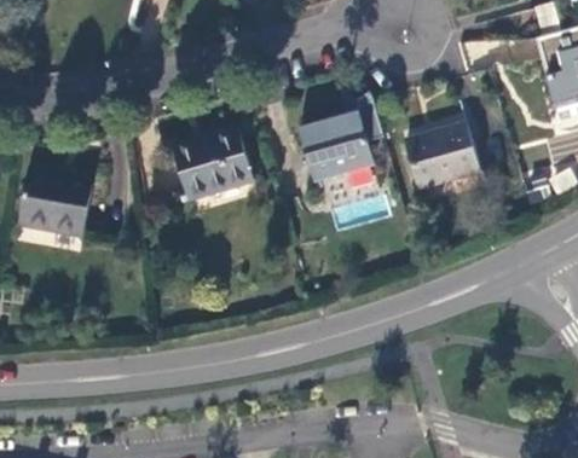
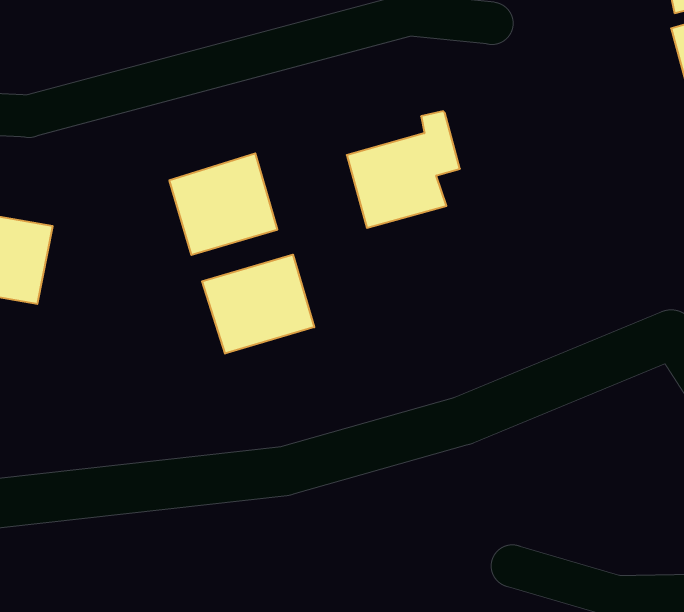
building: [404,126,480,192] -> none
building: none -> [202,255,314,354]

